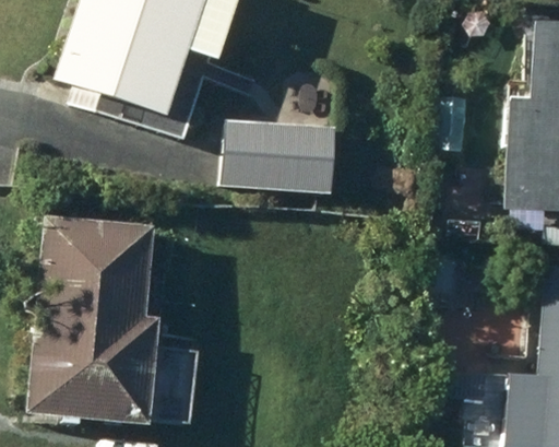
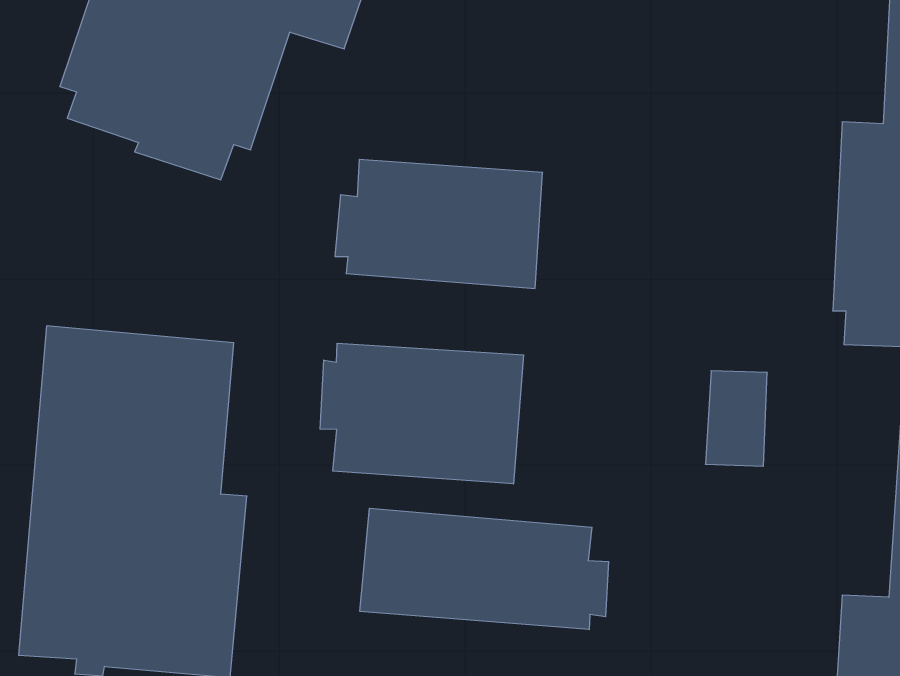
building: none -> [320,343,523,484]
building: none -> [360,508,609,630]

